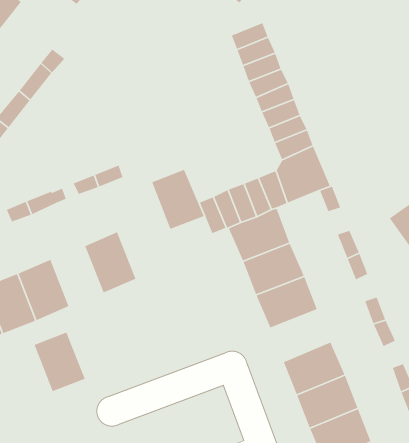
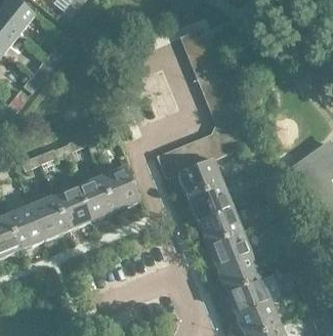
building: [151,169,205,230] -> [100,167,138,210]
building: none -> [208,232,251,268]
building: [33,331,86,392] -> [53,186,90,229]

